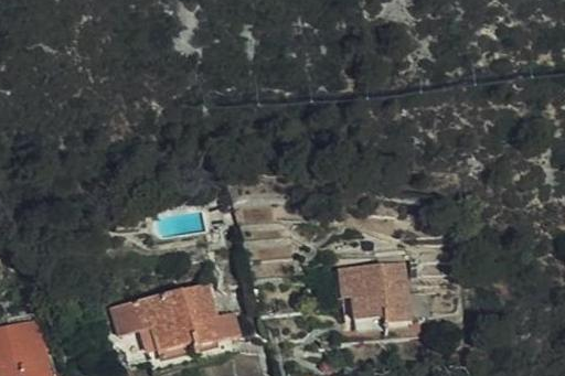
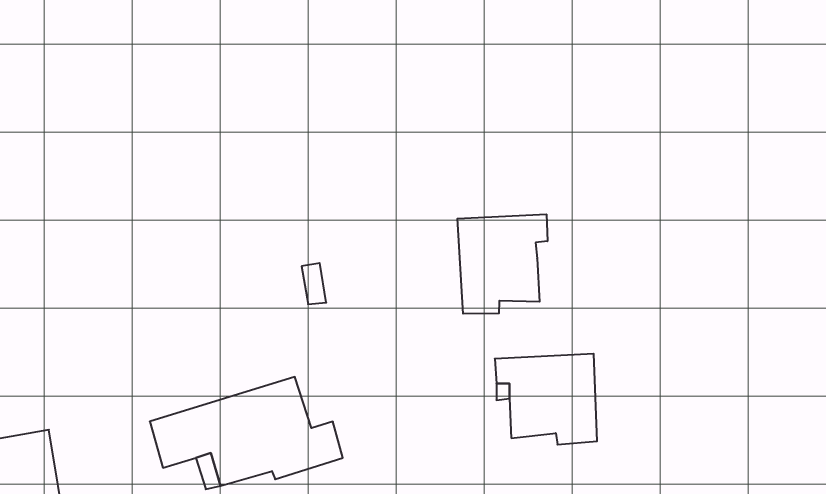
building: none -> [457,214,547,314]

